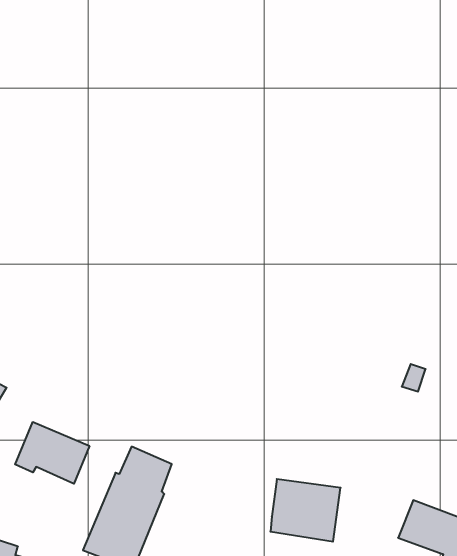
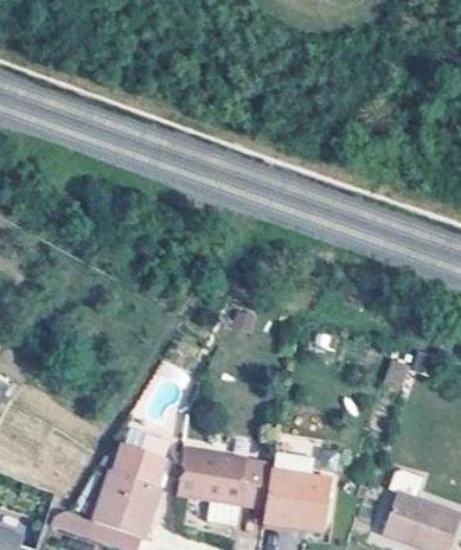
building: [15,422,89,484] -> none
building: none -> [178,449,269,525]

